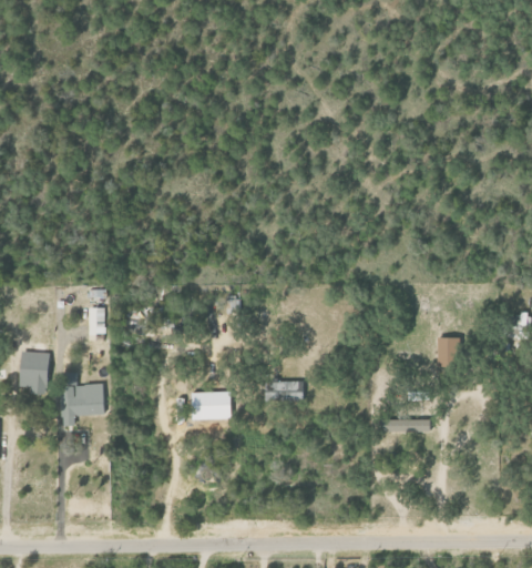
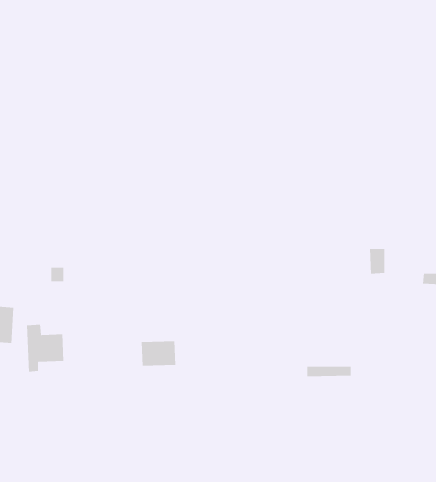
building: [437,338,454,367] -> [369,249,385,274]
building: [267,382,306,402] -> none

